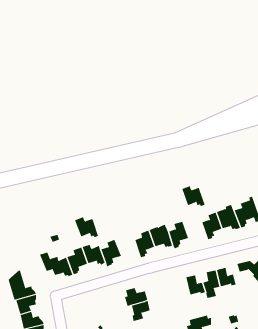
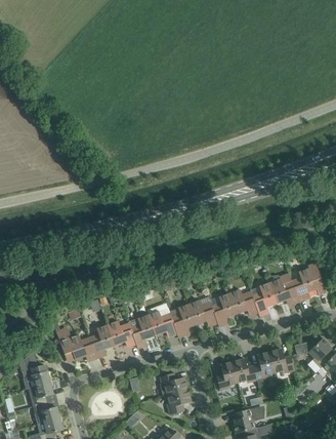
building: [182,185,205,207] -> [229,289,258,315]
building: [74,217,99,238] -> [148,311,177,336]
building: none -> [216,361,238,390]

